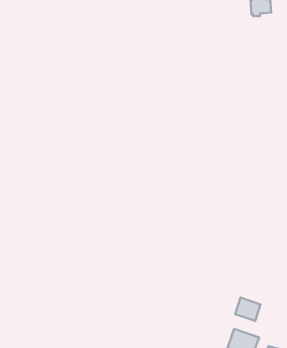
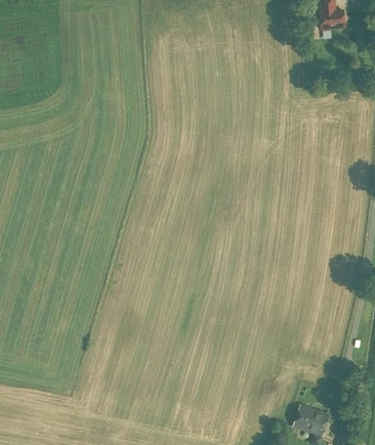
building: [235,298,260,321] -> none

